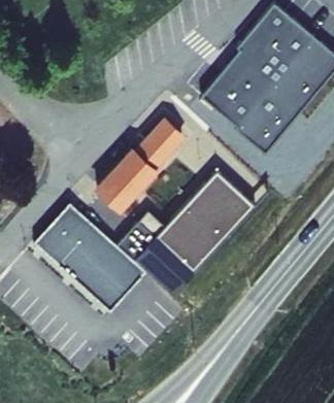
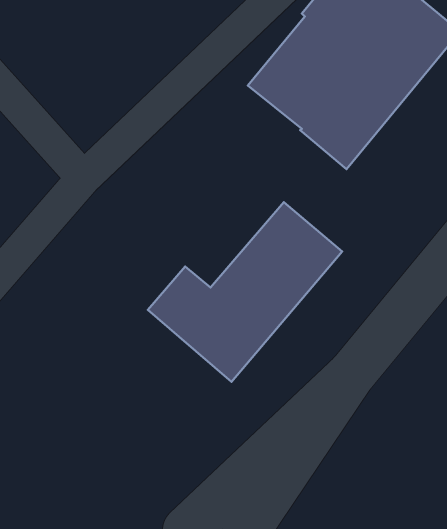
building: [91,114,192,213] -> none
building: [31,199,147,310] -> none

